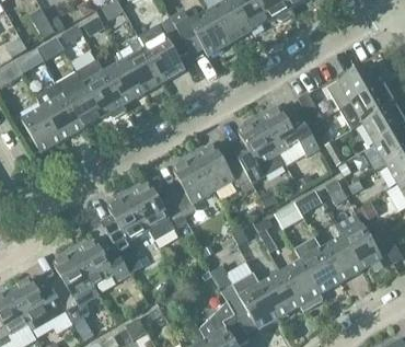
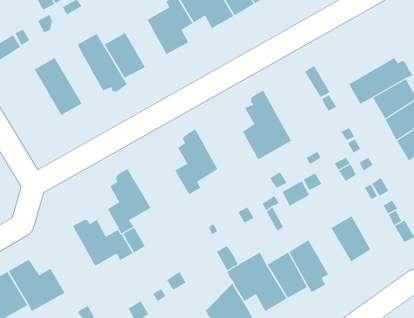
building: [123,38,162,93] -> none
building: [326,61,384,109] -> none
building: [55,71,101,128] -> none
building: [20,106,60,152] -> none
building: [256,108,319,155] -> none
building: [190,146,248,192] -> none
building: [125,183,184,241] -> none
building: [342,224,382,269] -> none
building: [293,236,340,293] -> none
building: [50,246,100,323] -> none

